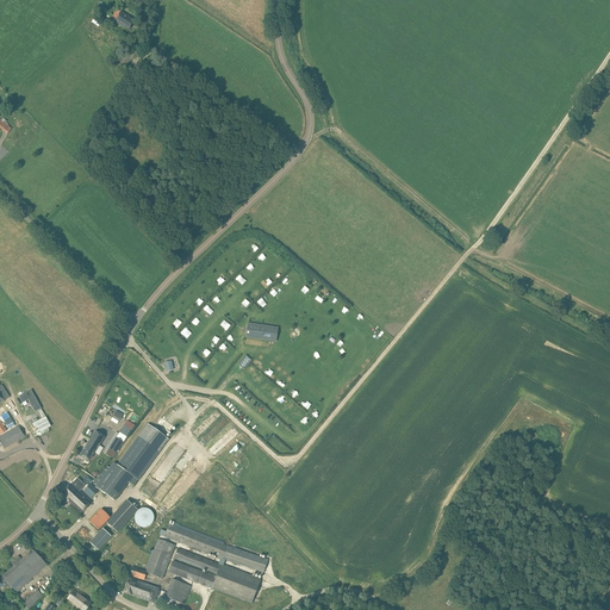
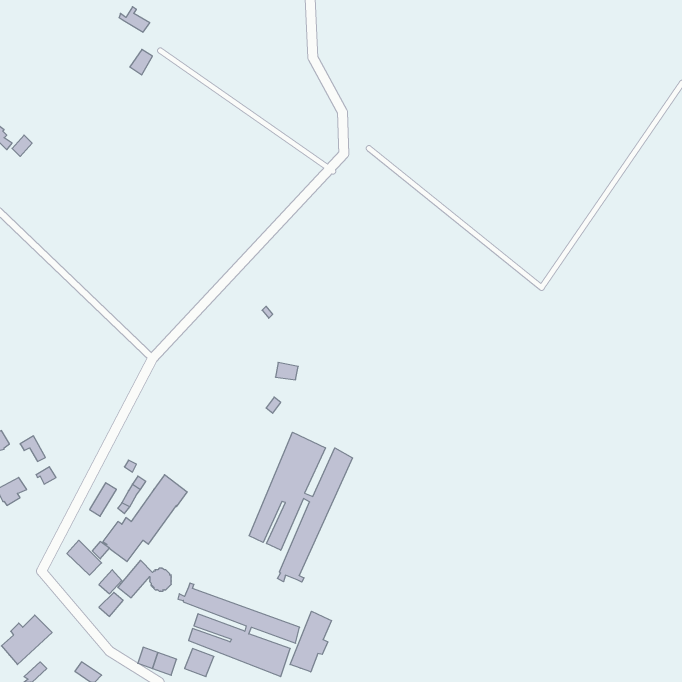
building: none -> [249,432,352,582]
building: [129,537,174,579] -> none
building: none -> [290,611,331,672]

